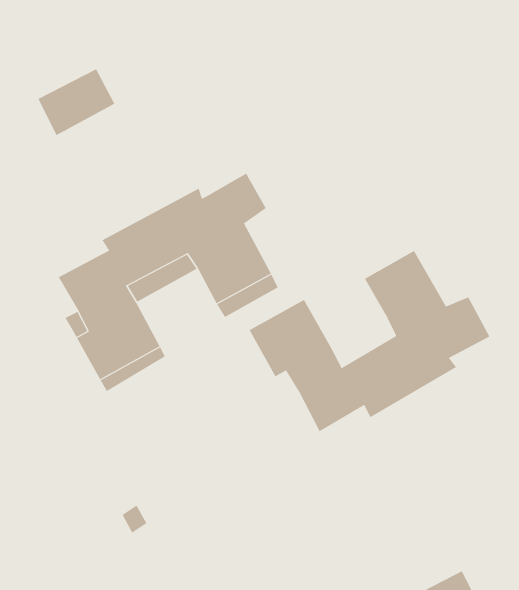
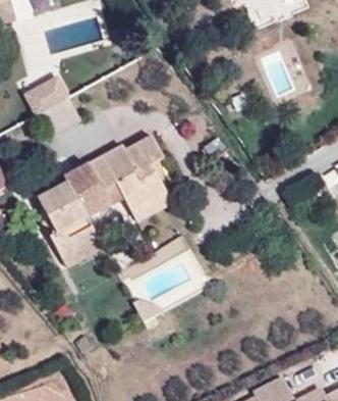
building: [249,250,490,432] -> none

